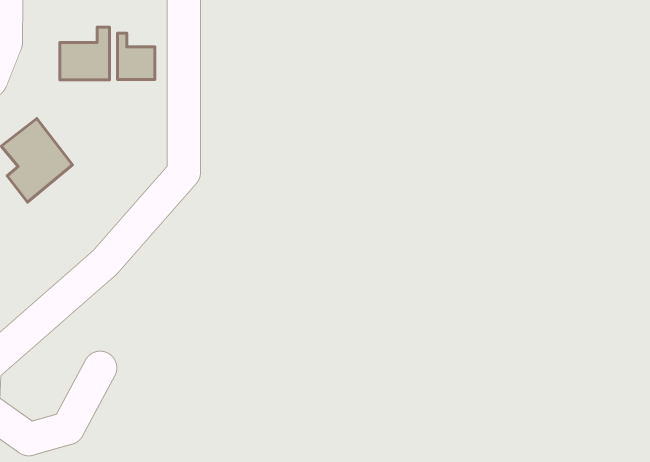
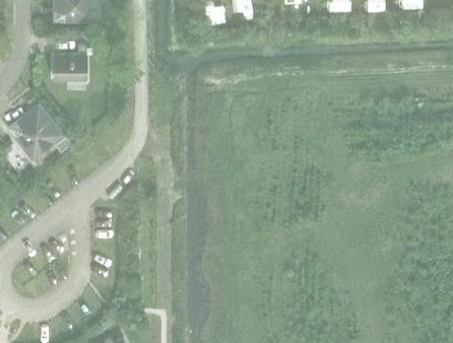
building: [117,33,155,80] -> none

